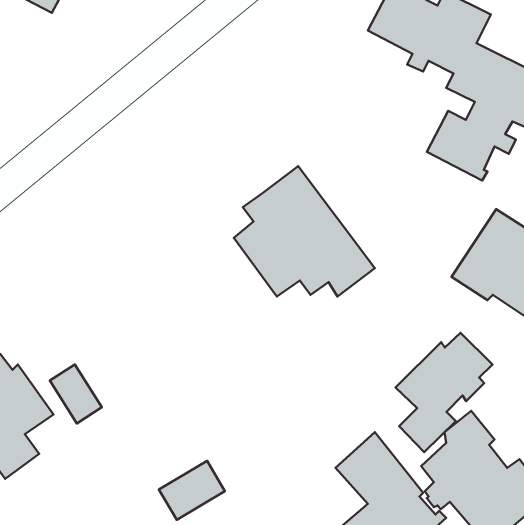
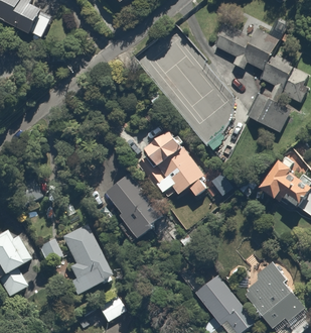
building: none -> [106,172,164,237]
building: [396,333,493,452] -> none
building: none -> [59,222,113,296]

